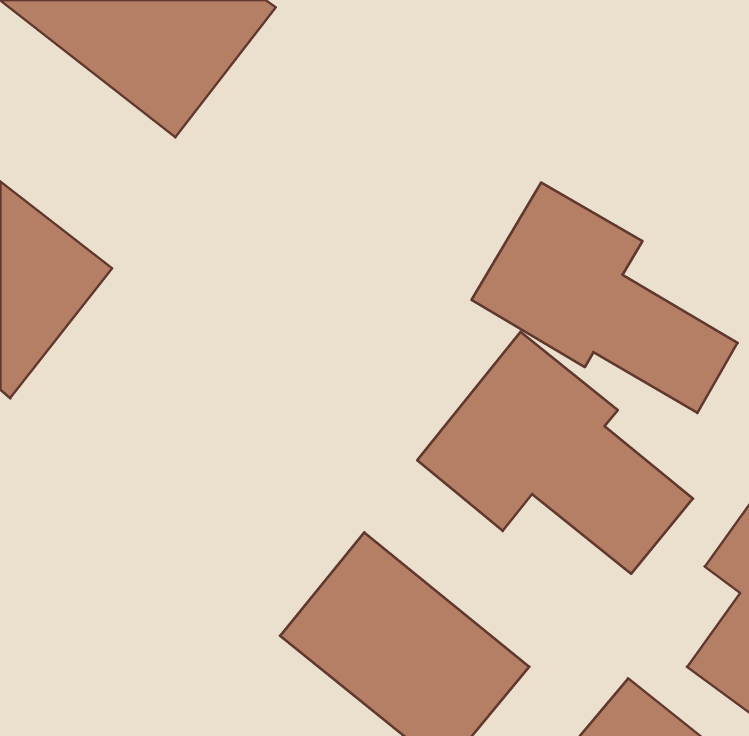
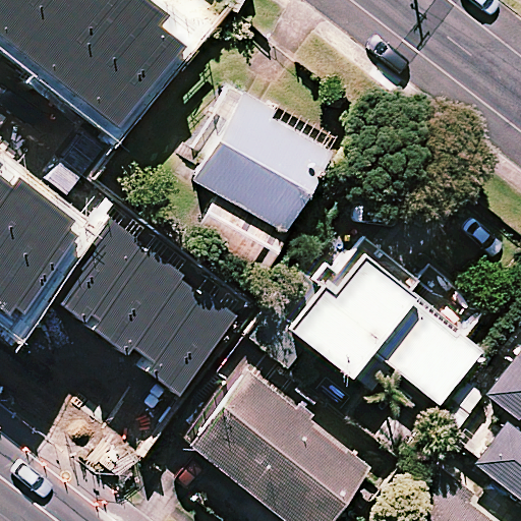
building: none -> [188,100,330,259]
building: [472,183,738,413] -> none
building: none -> [54,209,242,384]

